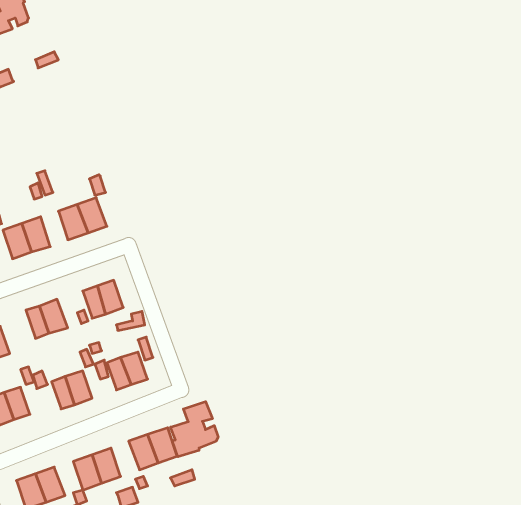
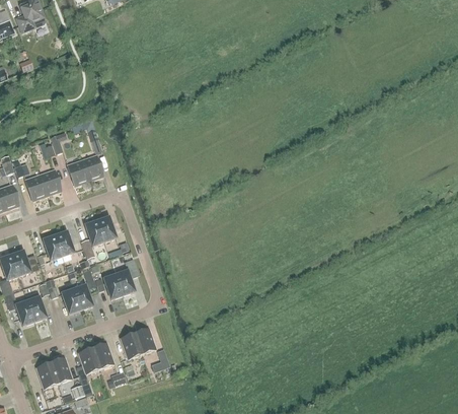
building: [171,402,218,457] -> none

